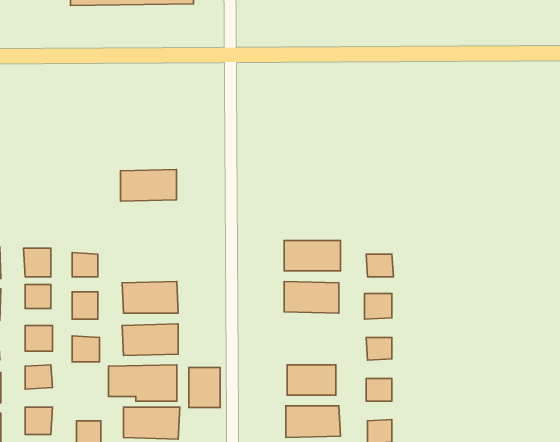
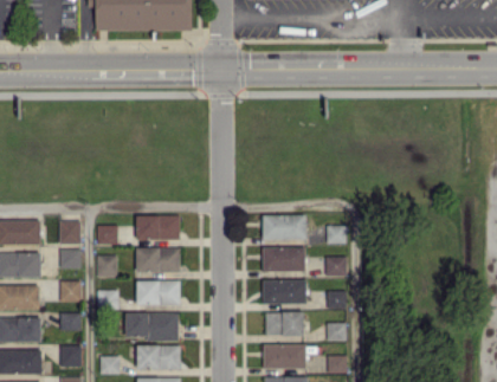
building: [120,169,176,201] -> [136,215,180,240]
building: none -> [263,280,306,304]
building: [189,367,220,408] -> none

